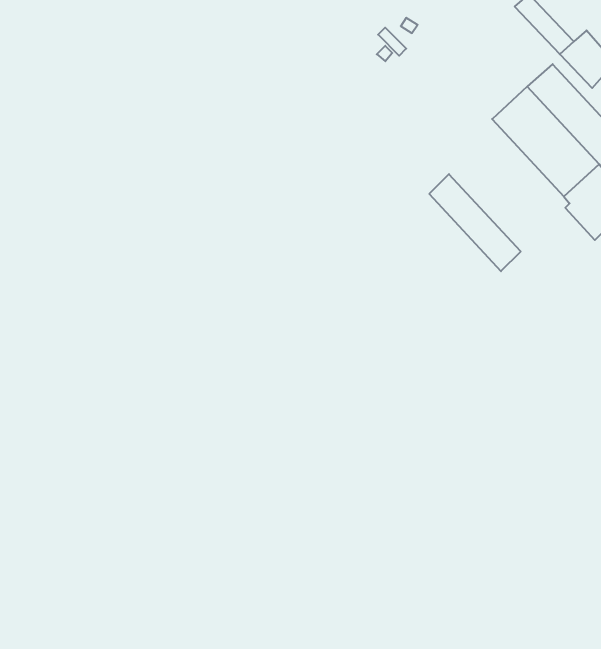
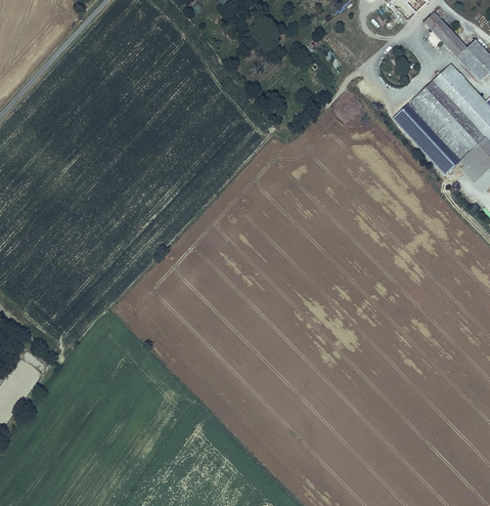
building: [429,174,521,271] -> [393,103,459,174]

